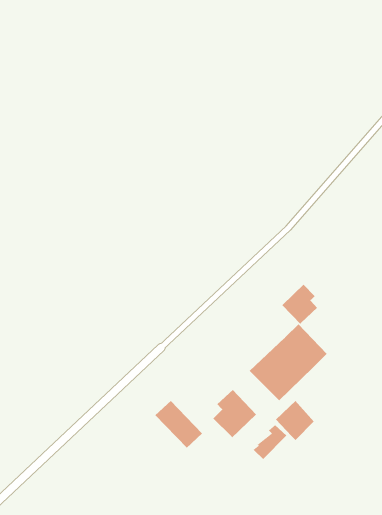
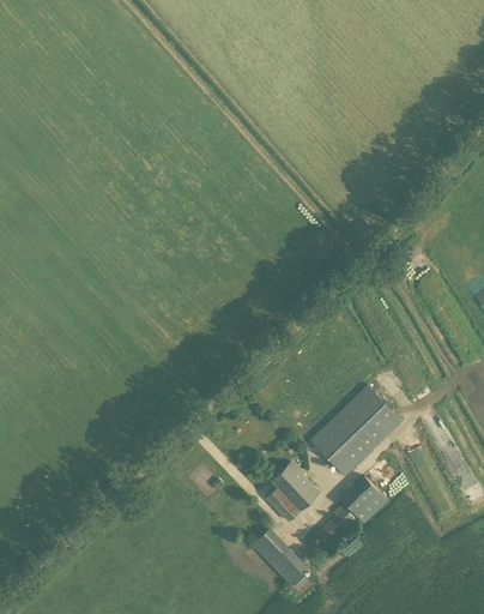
building: [282,284,318,325] -> none
building: [155,400,203,449] -> [250,528,308,585]

